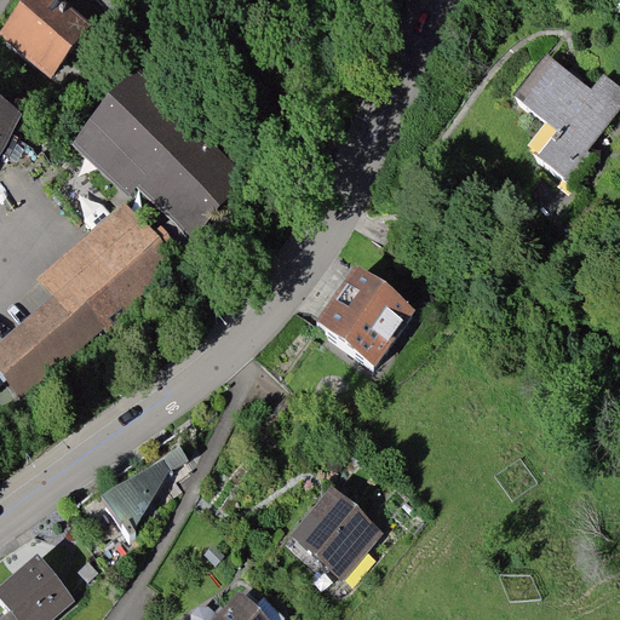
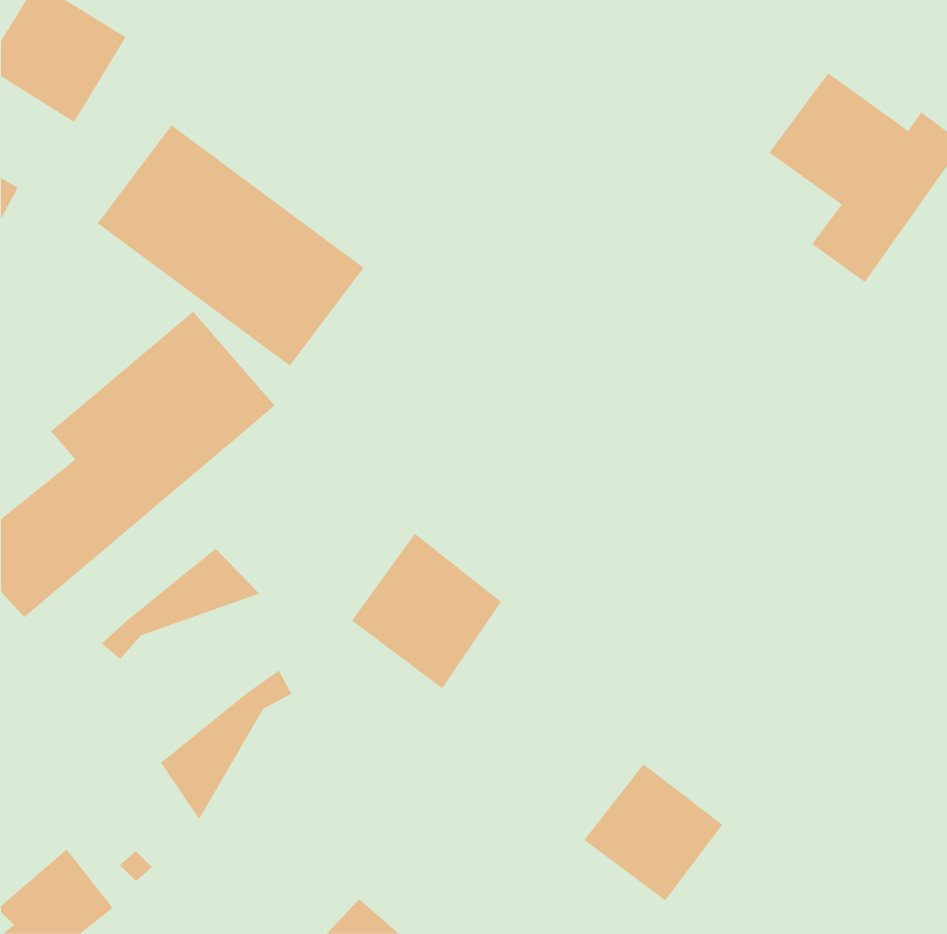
building: [318,260,417,362] -> [351,533,502,689]
building: none -> [101,548,260,660]
building: [289,484,380,574] -> [584,764,723,901]

